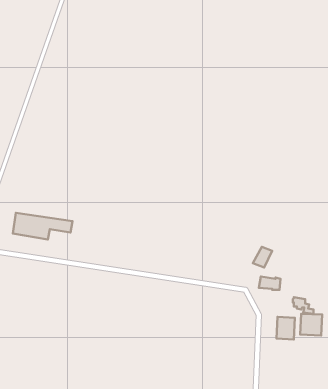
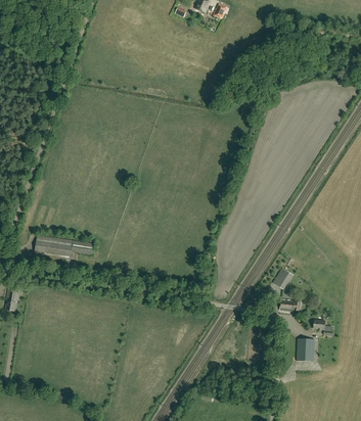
building: [300,314,322,335] -> none

